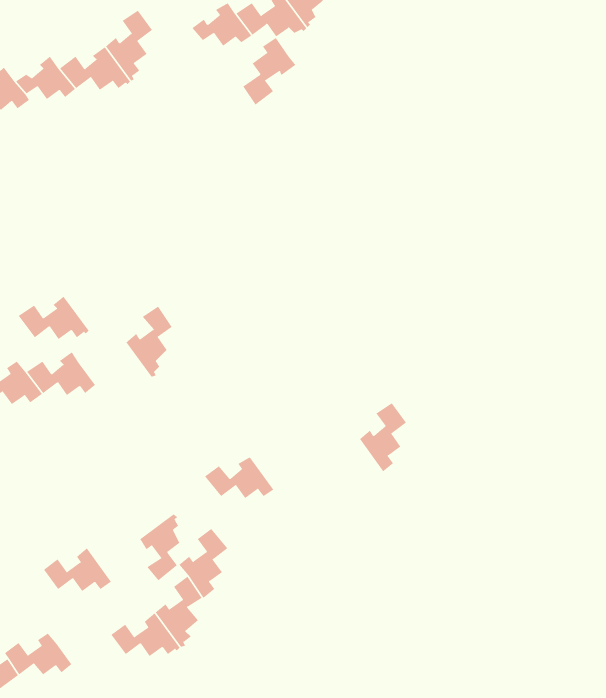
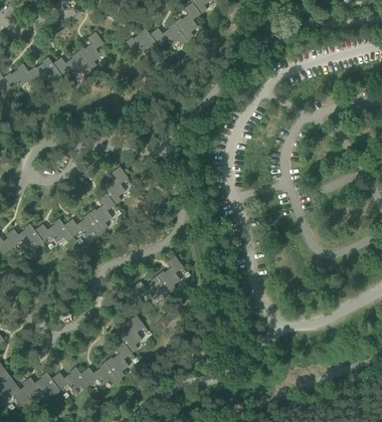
building: [242,37,296,105] -> none
building: none -> [102,166,128,205]
building: [18,296,89,340] -> [63,213,103,237]
building: [359,402,407,472] -> [157,255,183,293]
building: [139,514,180,581] -> none
building: [43,548,113,592] -> [51,366,89,390]

